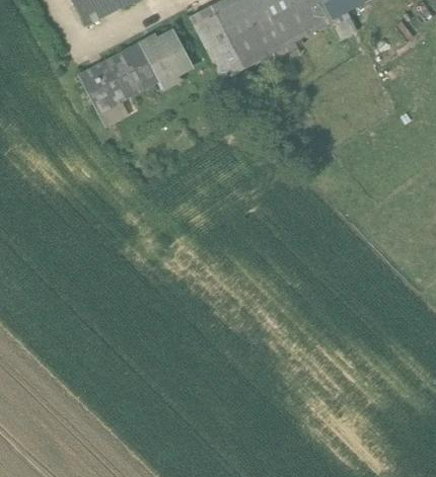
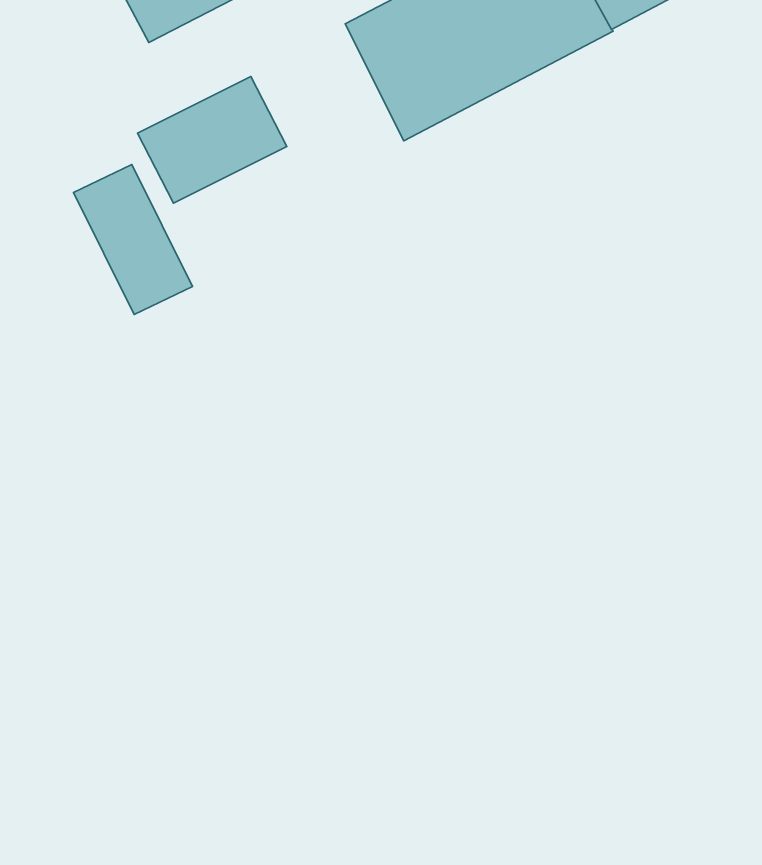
building: [140,28,195,87] -> none
building: none -> [73,164,193,315]

